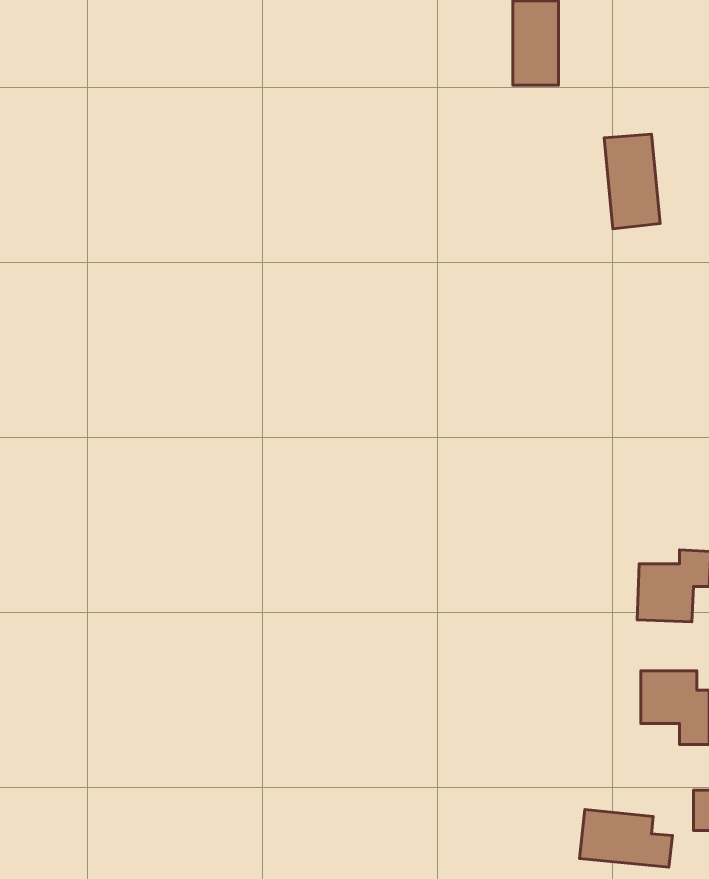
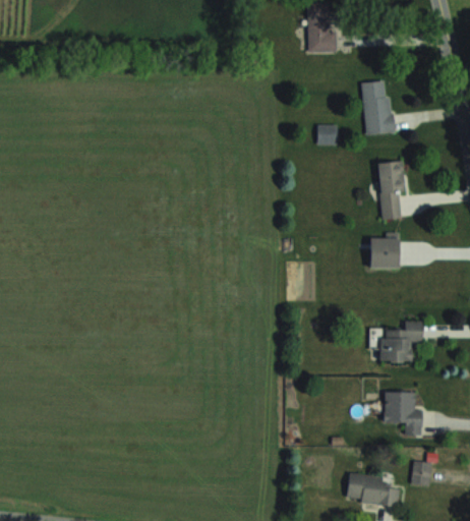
building: none -> [317,124,338,144]
building: none -> [377,161,407,221]
building: none -> [370,238,399,268]

